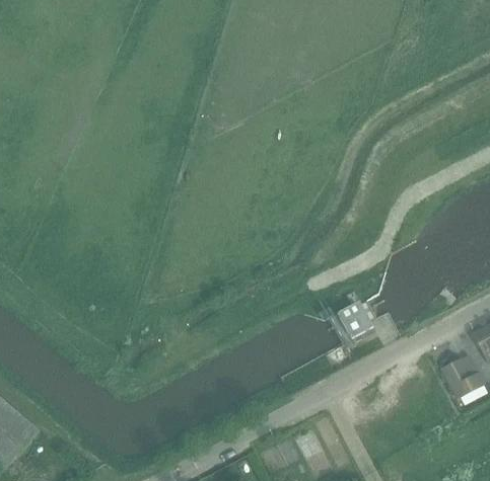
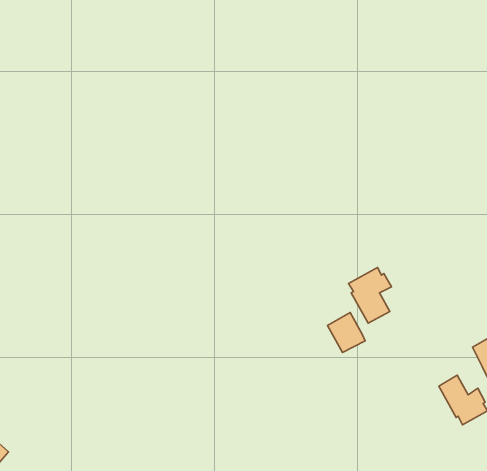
building: none -> [349,268,392,323]

